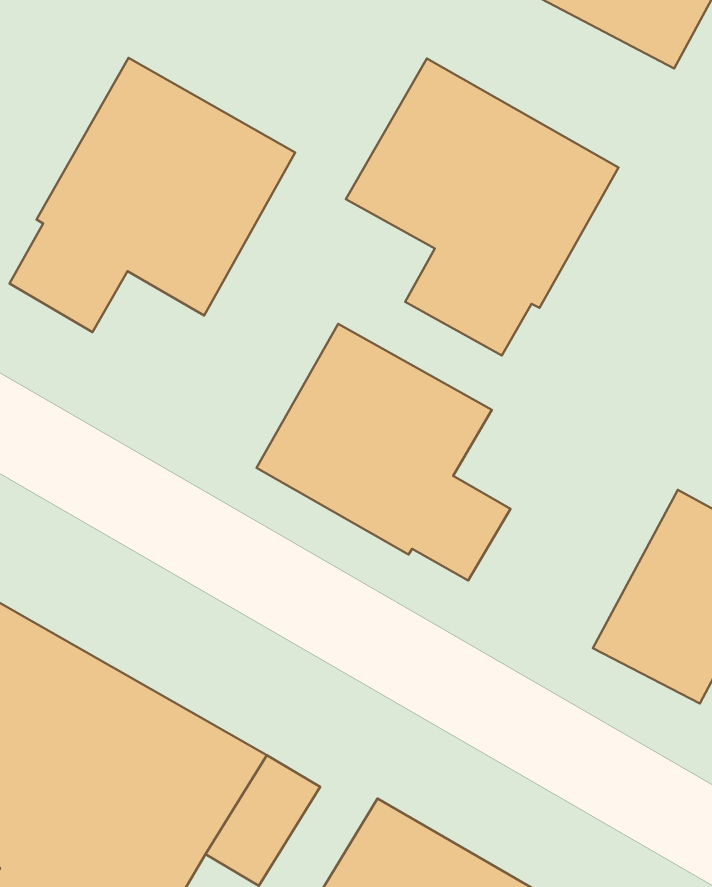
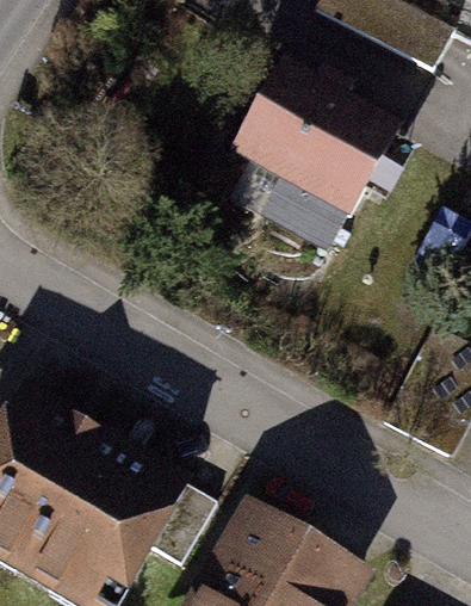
building: [10,58,295,332] -> none
building: [257,324,511,580] -> none

